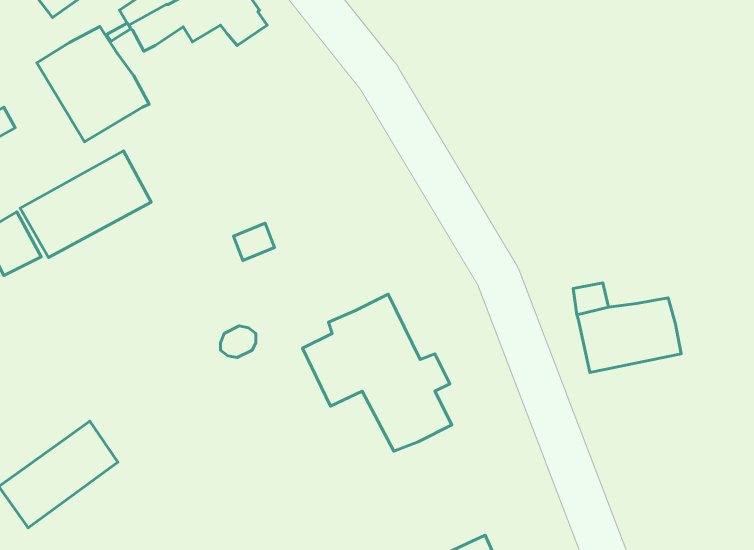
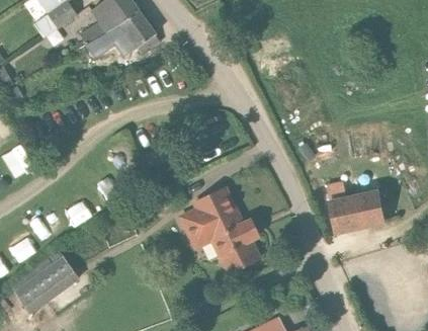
building: [37,27,149,142] -> none
building: [20,151,151,258] -> none

